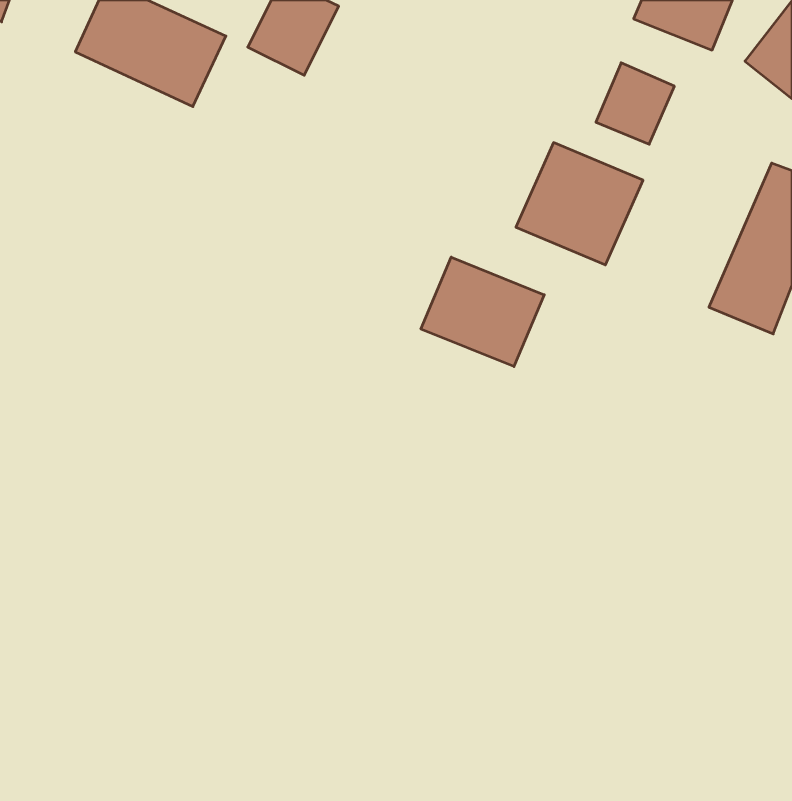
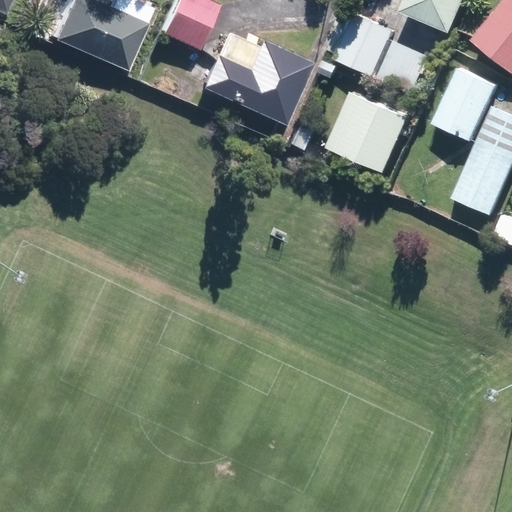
building: none -> [336,12,395,74]
building: none -> [197,39,308,124]
building: none -> [434,66,496,139]
building: [421,257,544,367] -> none

